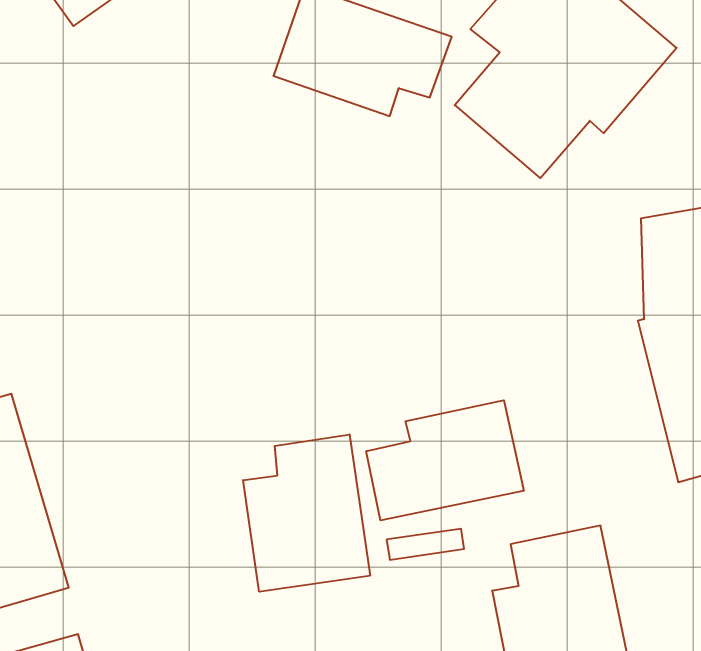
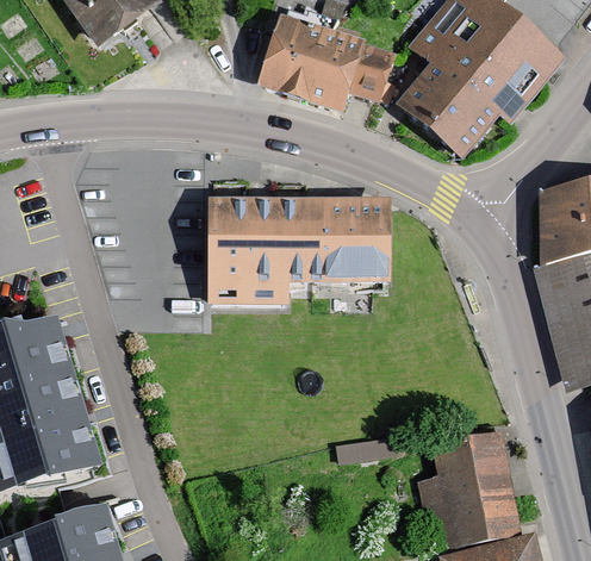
building: none -> [212,195,393,299]
building: [366,400,524,520] -> none
building: [243,434,370,592] -> none

